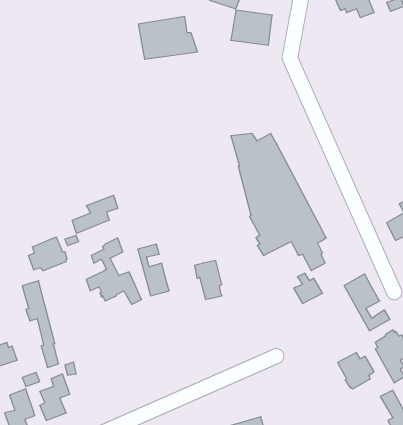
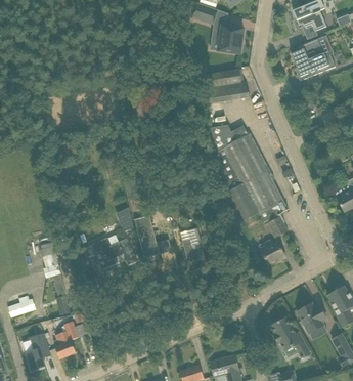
building: [138,16,197,59] -> [203,69,251,103]
building: none -> [293,38,337,79]
building: [72,195,118,233] -> none
building: [28,237,67,271] -> none
building: [344,274,390,331] -> none
building: none -> [272,318,305,355]

